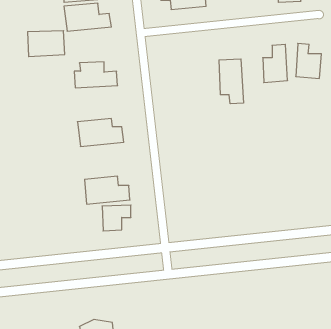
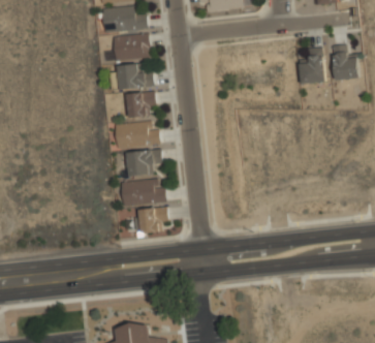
building: [28,31,65,57] -> [113,33,150,59]
building: [219,59,243,104] -> none
building: none -> [127,91,155,117]
building: none -> [125,147,162,176]

